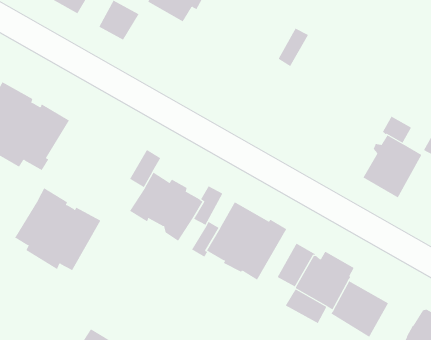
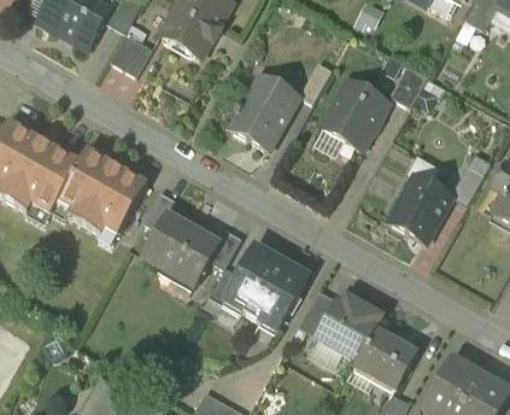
building: none -> [389,65,428,107]
building: none -> [229,80,297,152]
building: none -> [321,81,387,150]
building: [14,187,101,271] -> [55,147,147,235]

